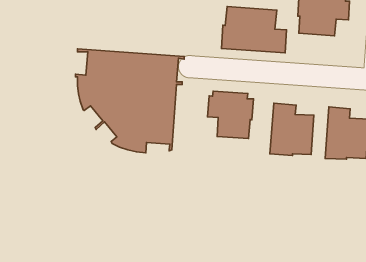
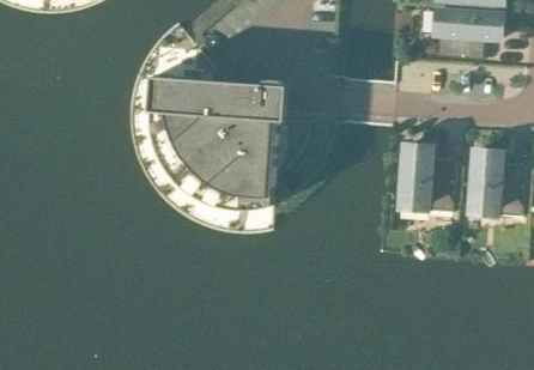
building: [221,6,287,53] -> none
building: [207,91,254,138] -> none

